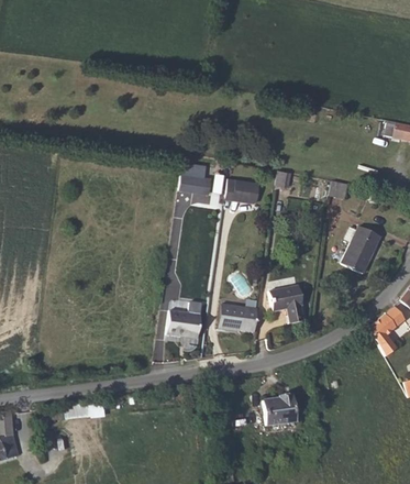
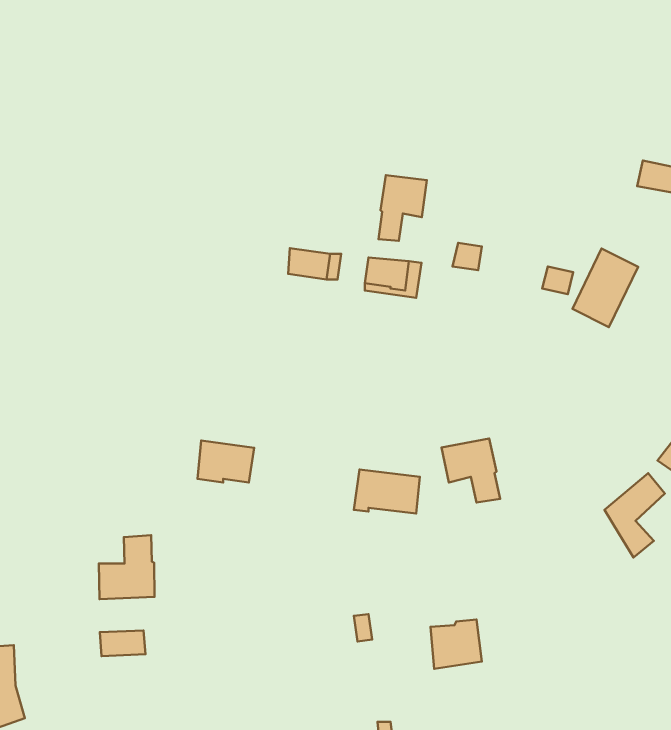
building: none -> [378,175,427,241]
building: [343,227,383,274] -> [572,249,638,327]
building: [167,309,201,334] -> [198,440,254,482]
building: none -> [99,535,155,599]

